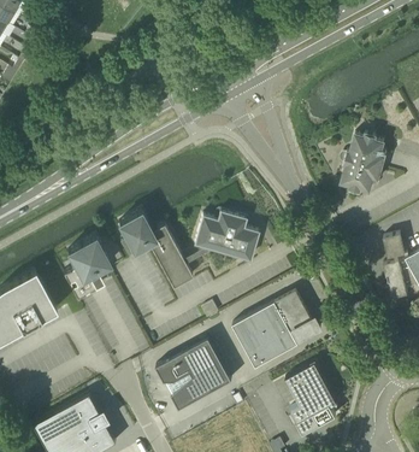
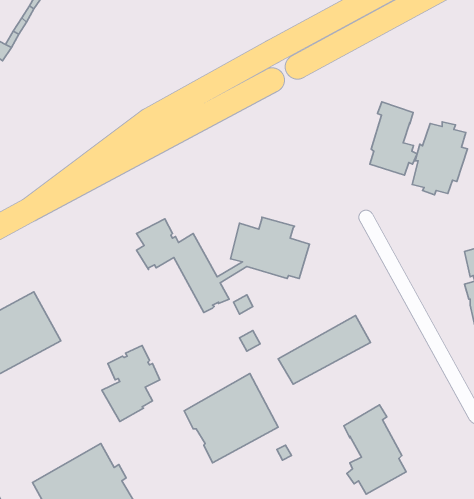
building: none -> [370,102,417,175]
building: [64,236,111,298] -> [102,346,160,422]
building: [246,311,323,366] -> none

